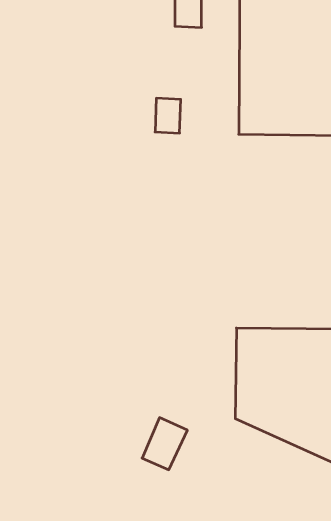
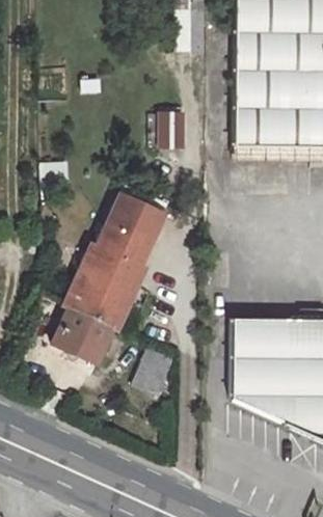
building: none -> [49,190,163,365]
building: [142,418,187,470] -> [135,346,176,392]

